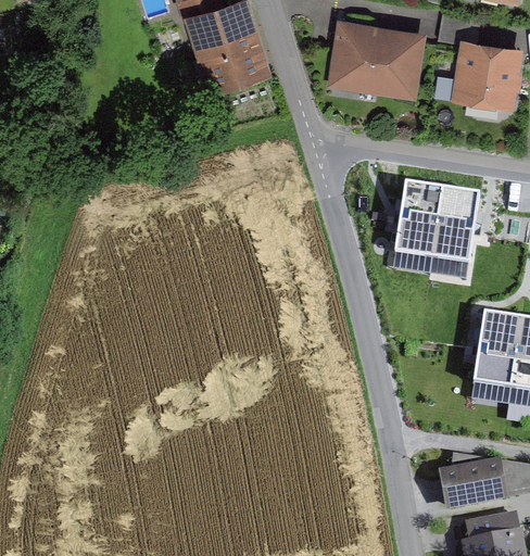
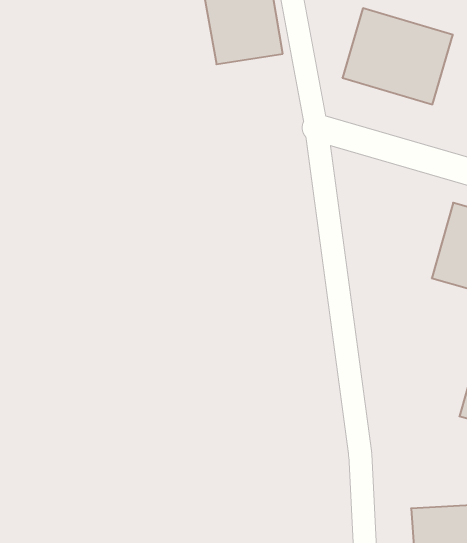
building: [394,182,442,260] -> none

